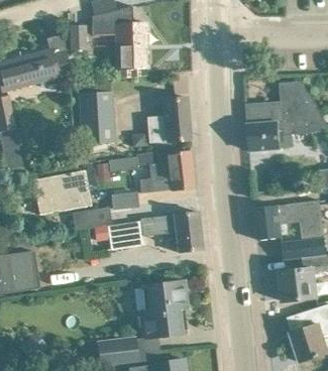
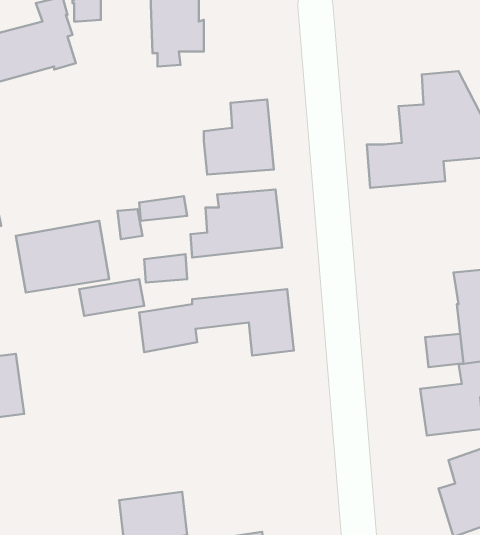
building: [79,92,115,143] -> none
building: [255,202,303,240] -> none
building: [141,280,188,338] -> none

